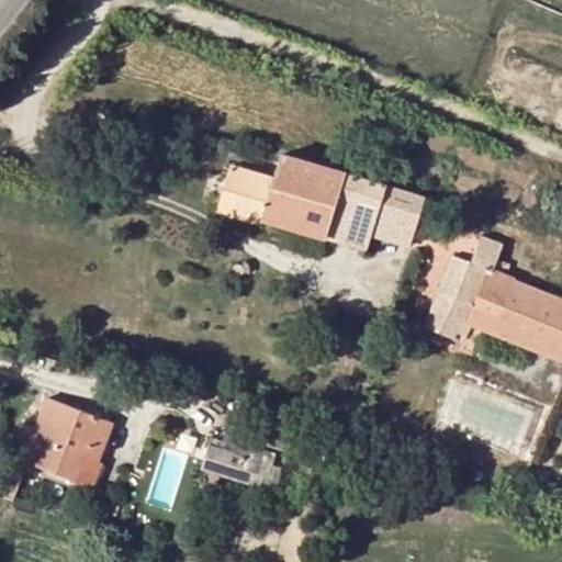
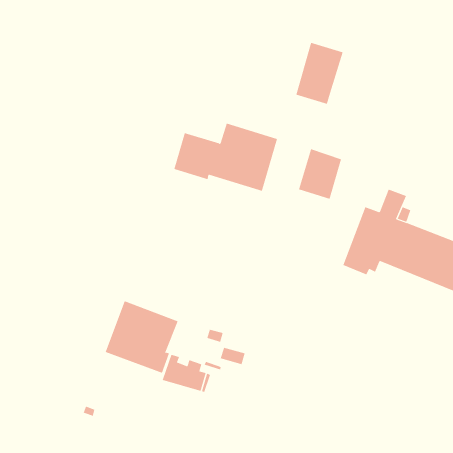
building: [326,173,385,250] -> [295,42,343,105]
building: [22,398,113,488] -> [105,301,179,374]

